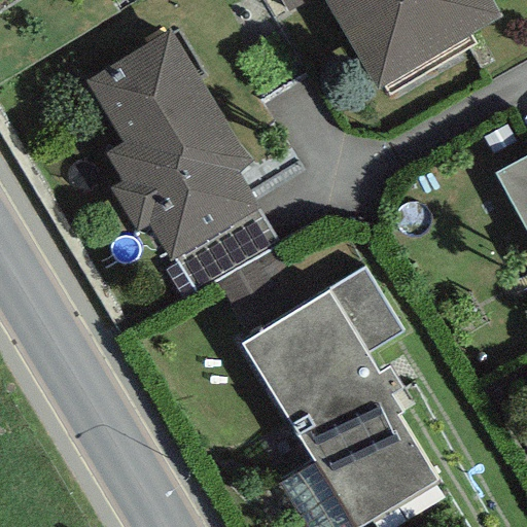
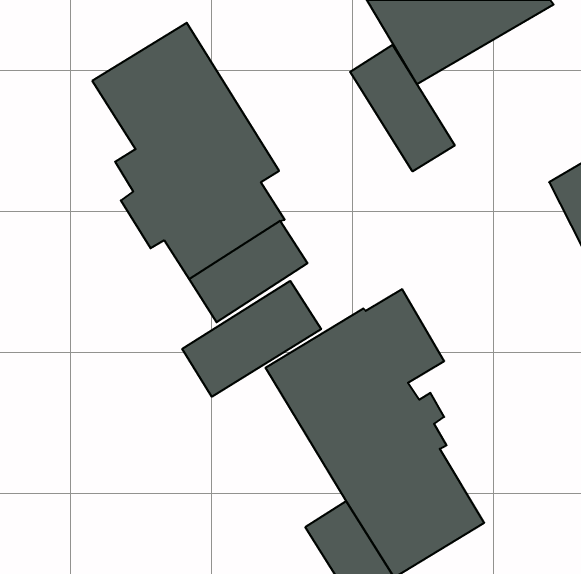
building: none -> [350,45,455,171]
building: none -> [182,281,321,397]

